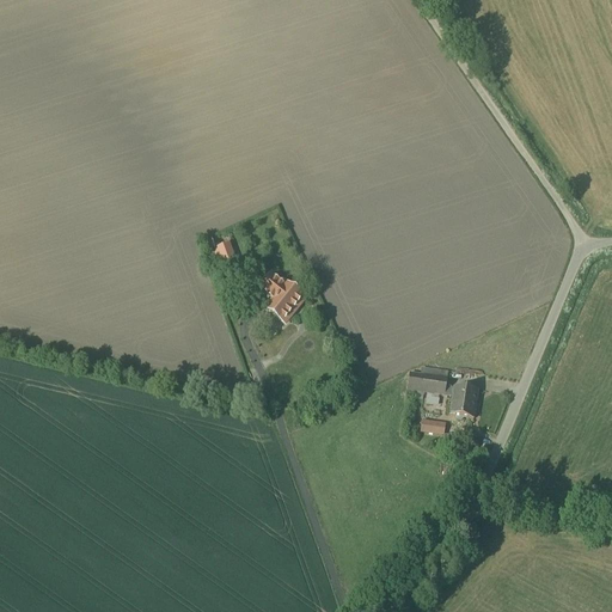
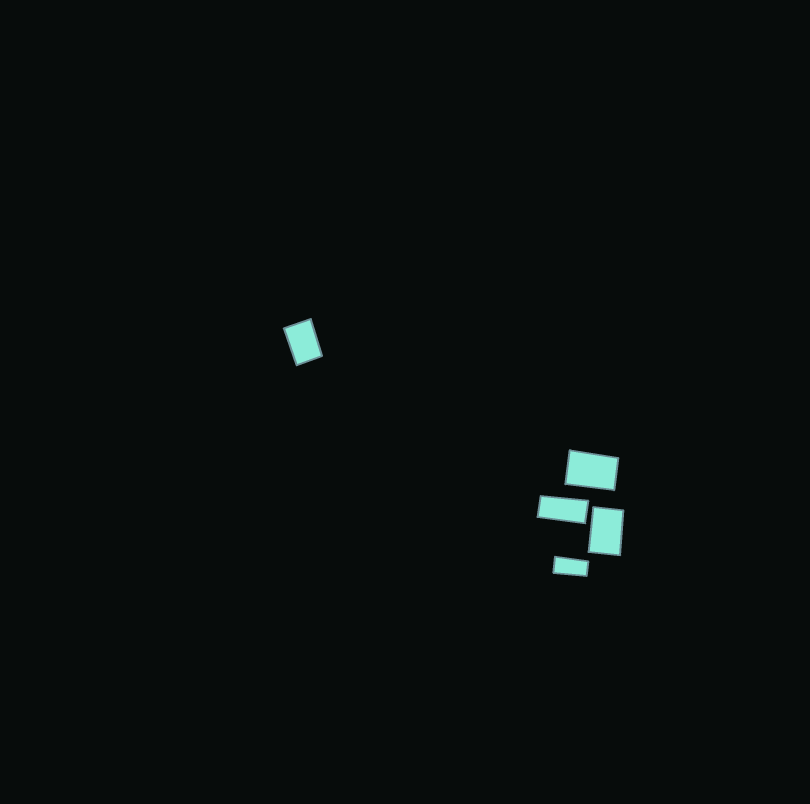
building: [268,271,312,319] -> none
building: none -> [565,450,618,490]

